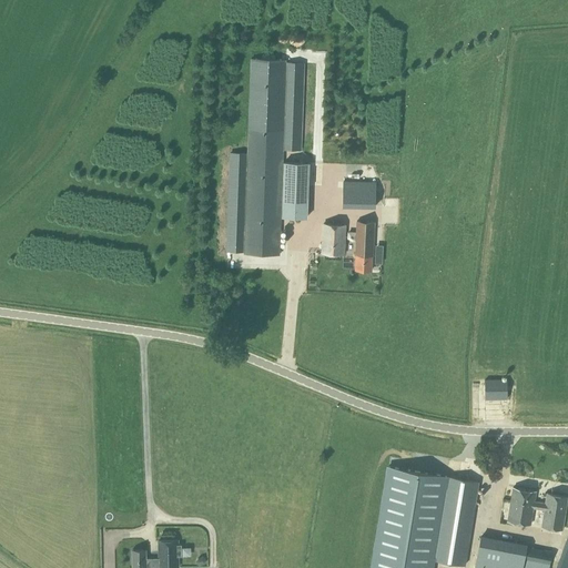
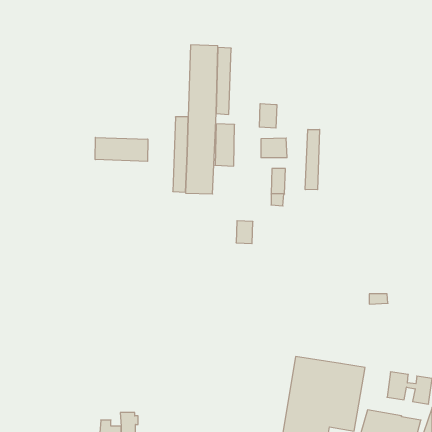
building: none -> [259,104,277,128]
building: none -> [305,129,320,190]
building: none -> [95,137,148,161]
building: [322,225,344,255] -> [236,221,253,244]

